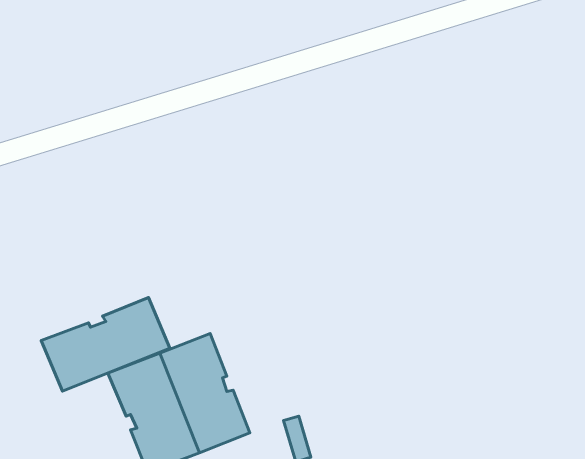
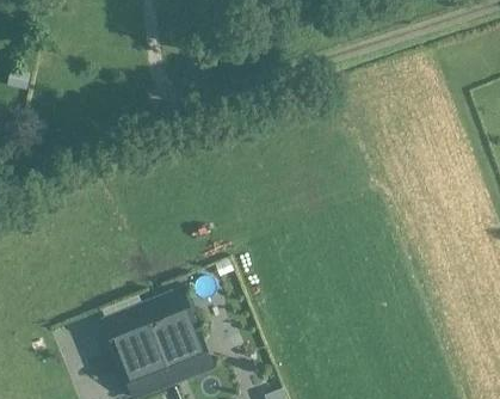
building: [41,297,170,391] -> none

